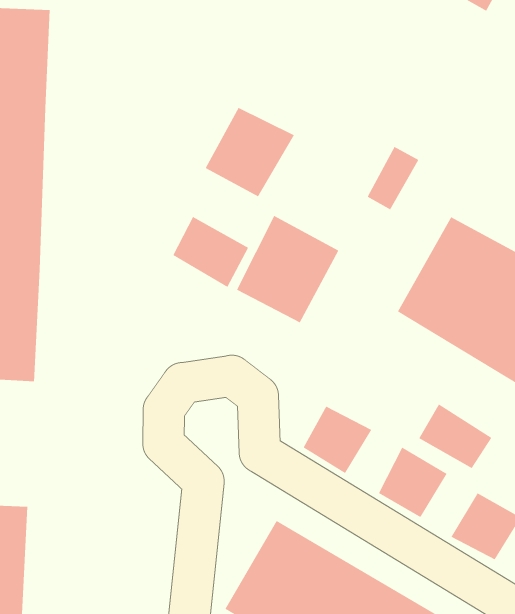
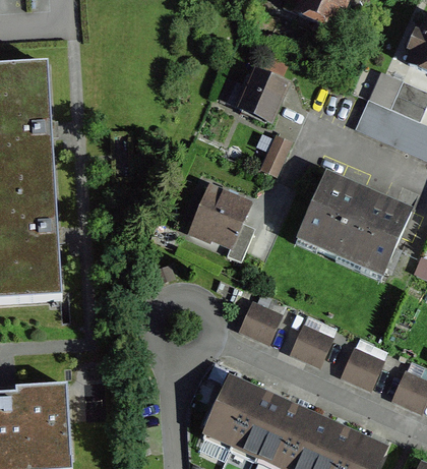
building: [205,107,295,197] -> [231,68,287,125]
building: [172,216,249,288] -> none
building: [418,403,492,469] -> none

